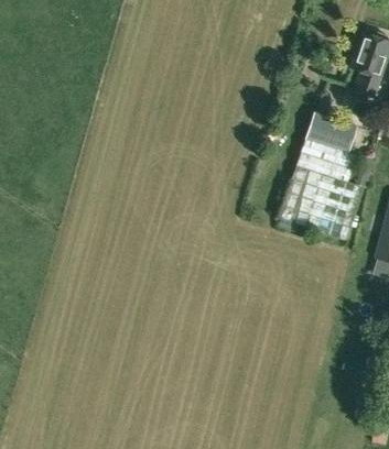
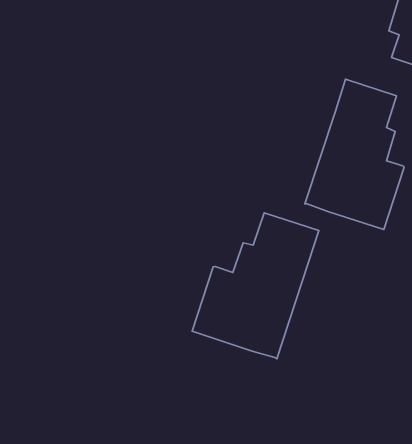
building: none -> [192,213,319,359]

